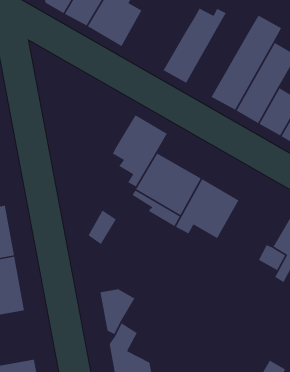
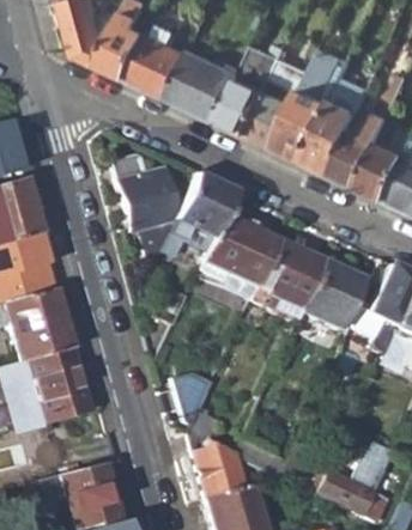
building: none -> [178,53,249,122]
building: none -> [256,60,320,148]
building: none -> [116,154,181,269]
building: none -> [305,263,369,331]

